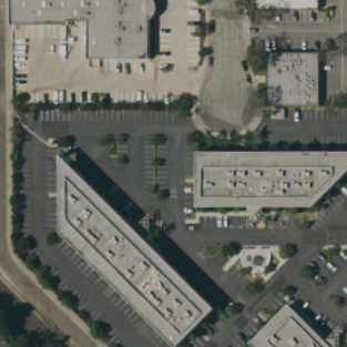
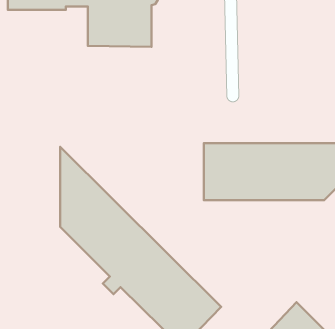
building: [265,51,317,104] -> none

